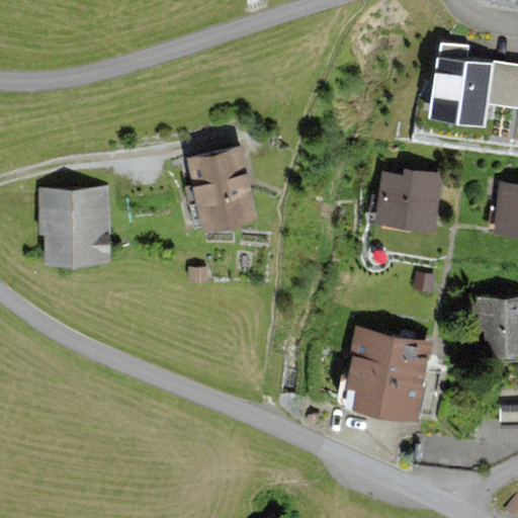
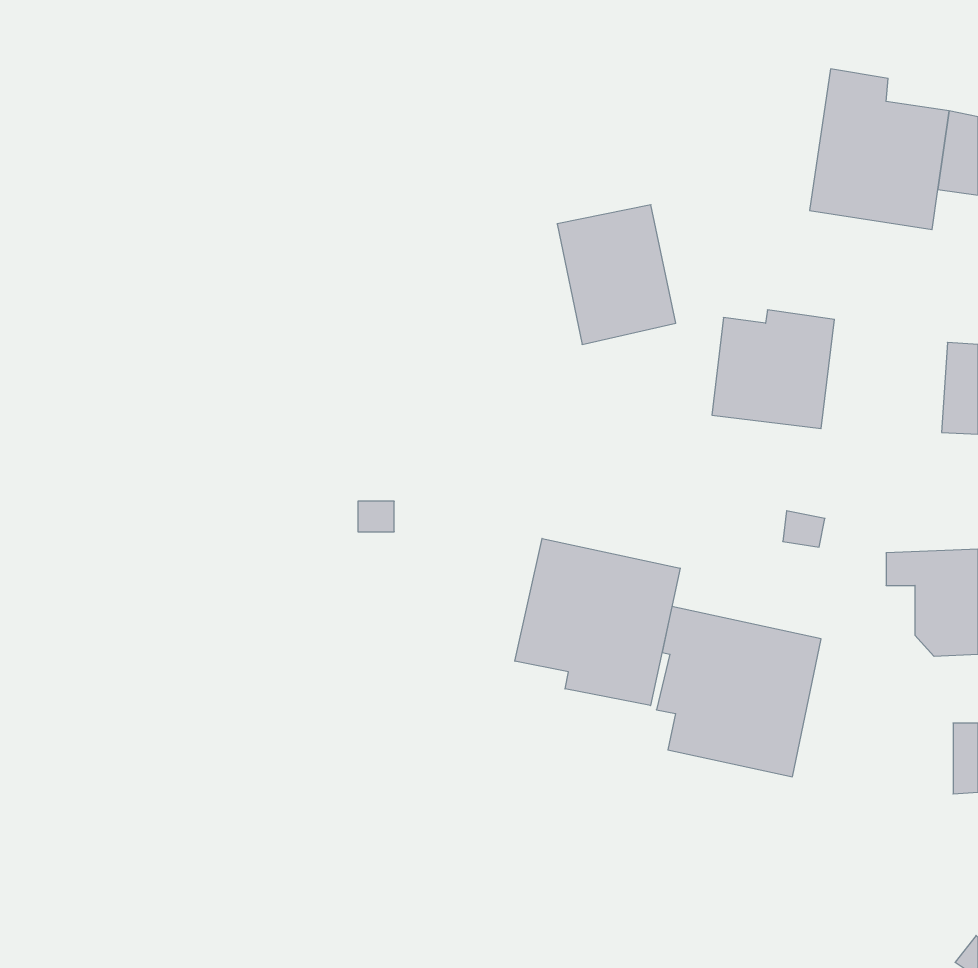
building: [193,153,256,227] -> [557,205,676,344]
building: [39,192,110,266] -> none
building: none -> [515,538,680,706]

